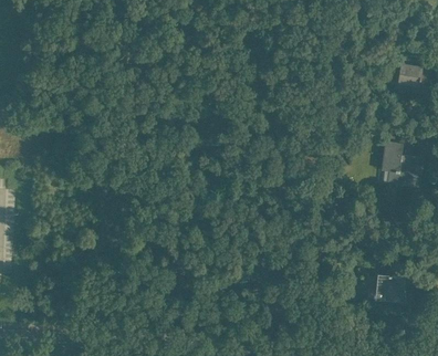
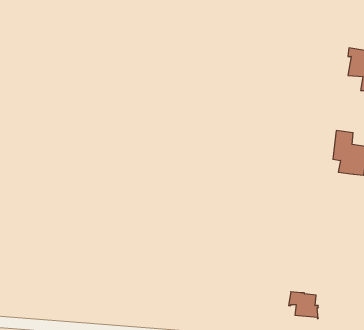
building: [376,274,407,302] -> [289,292,318,318]

